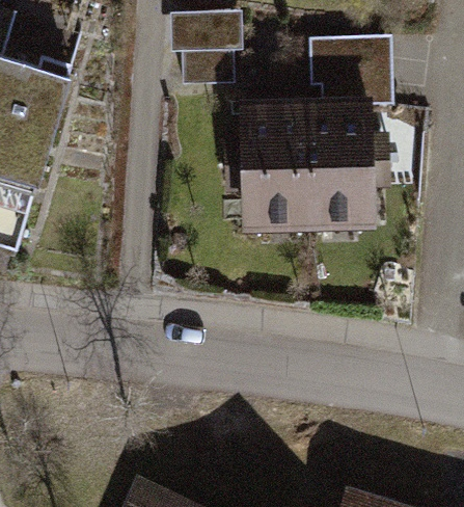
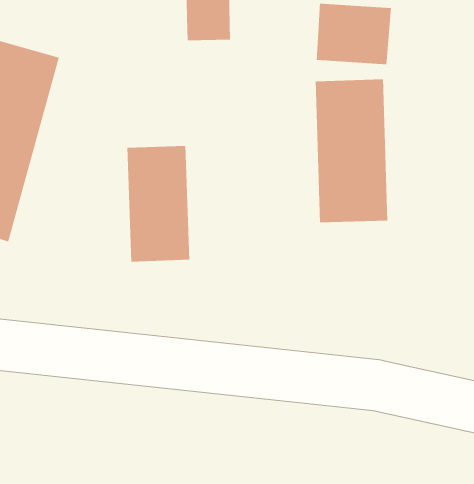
building: [242,97,305,230] -> none
building: none -> [127,145,190,262]

